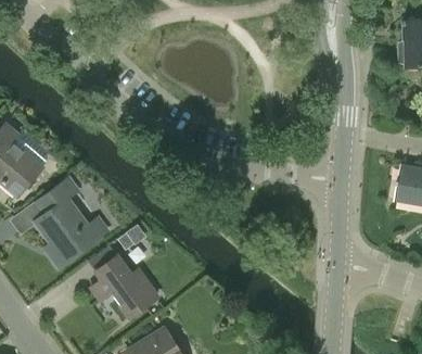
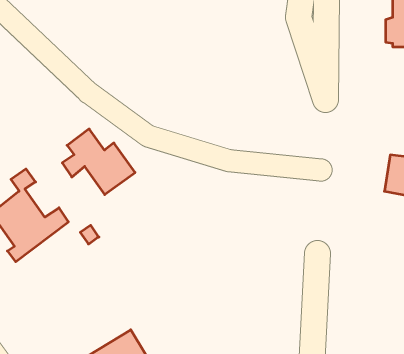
building: [90,256,157,317] -> [62,129,135,195]

